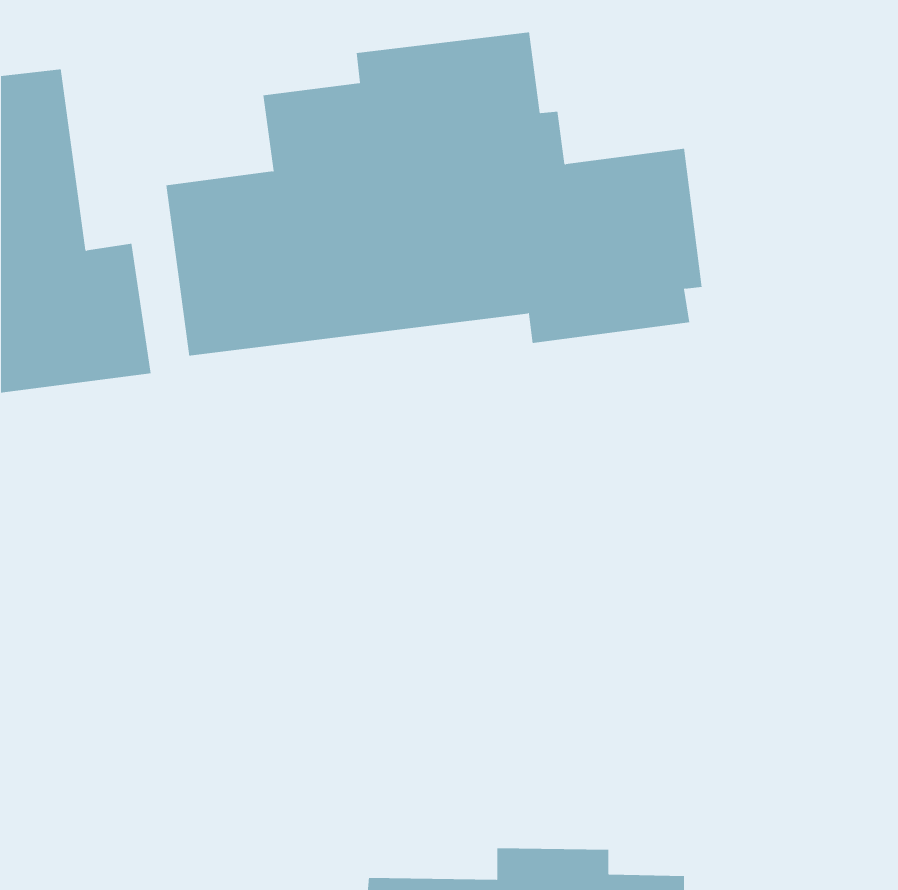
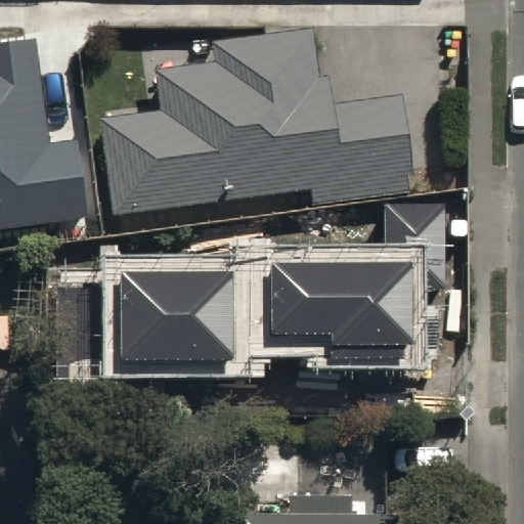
building: none -> [273,268,413,365]
building: none -> [123,276,235,364]

